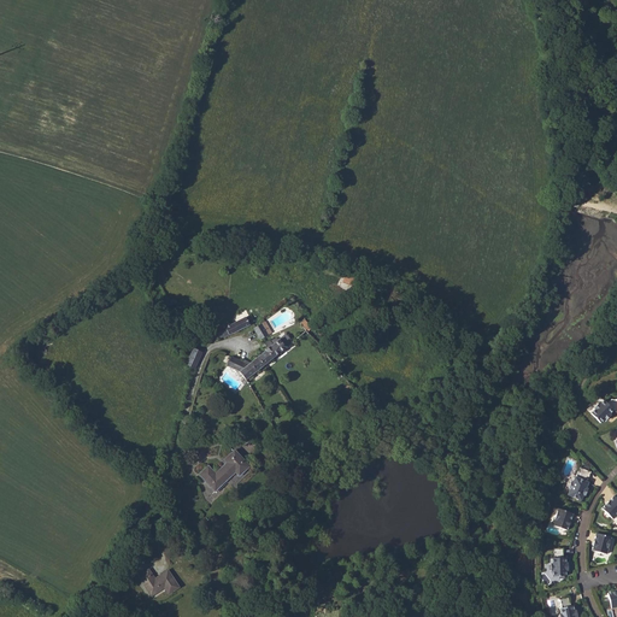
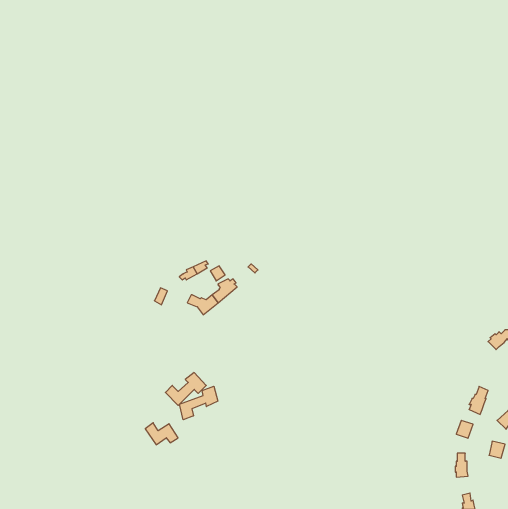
building: none -> [180,386,218,420]
building: [140,569,180,595] -> [145,423,178,445]

